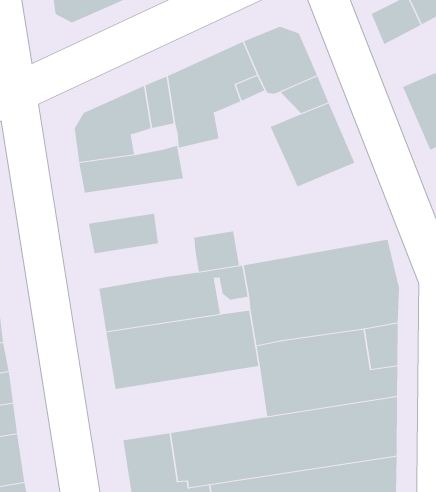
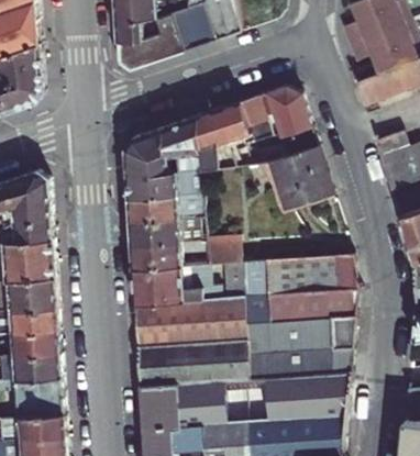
building: none -> [126,193,203,221]
building: none -> [130,241,181,270]
building: none -> [136,340,248,386]

